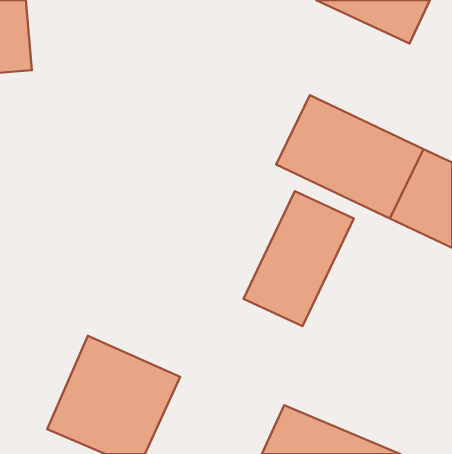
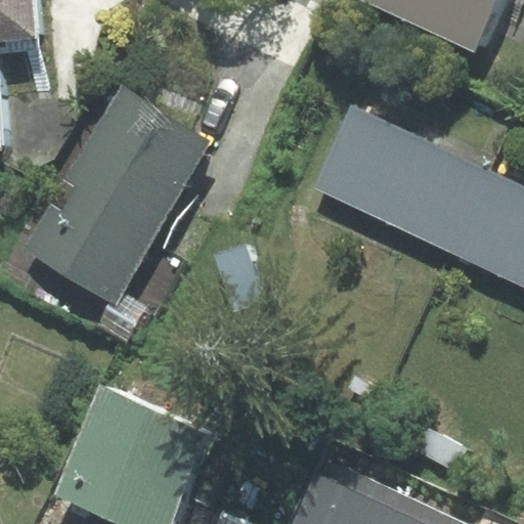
building: none -> [25,88,210,301]
building: [244,191,354,326] -> none

